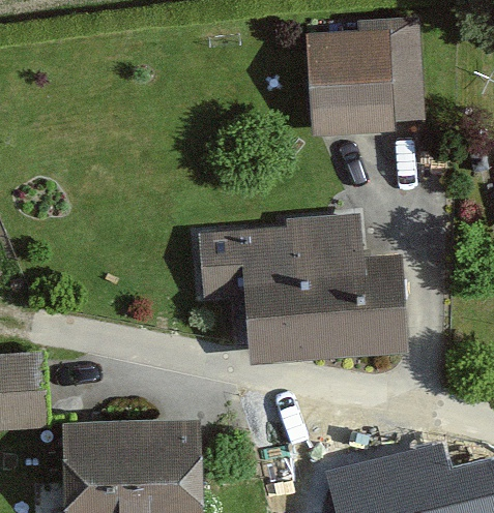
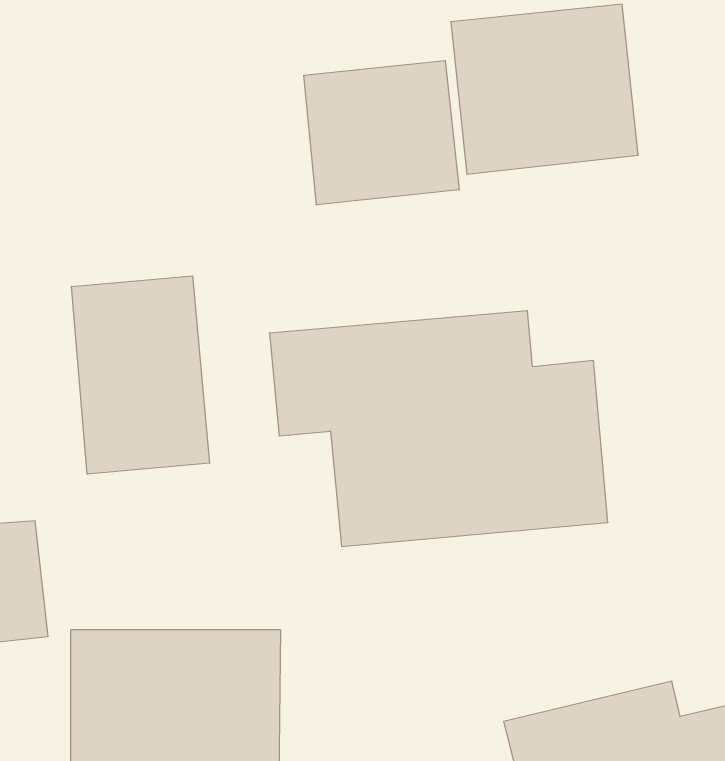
building: none -> [304,60,459,205]
building: none -> [71,276,210,474]

